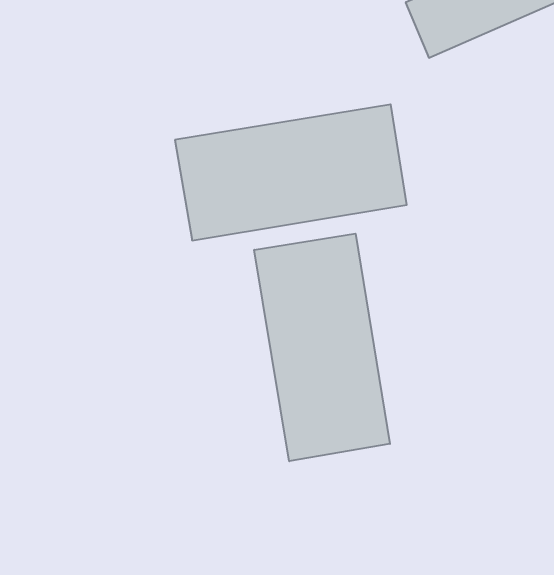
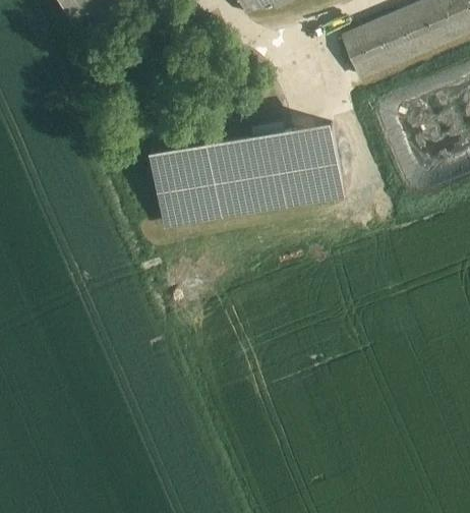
building: [254,234,390,461] -> none

